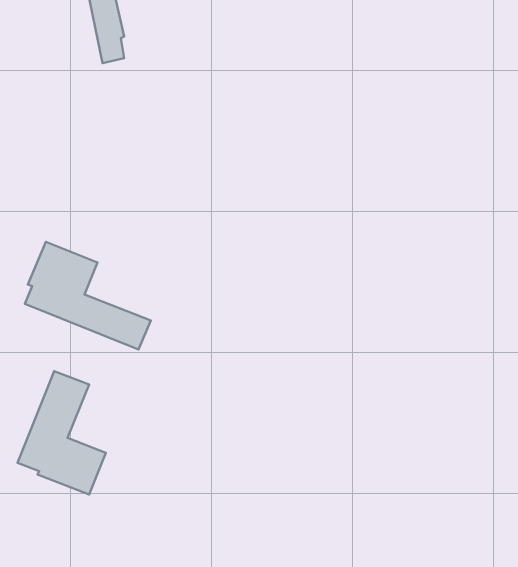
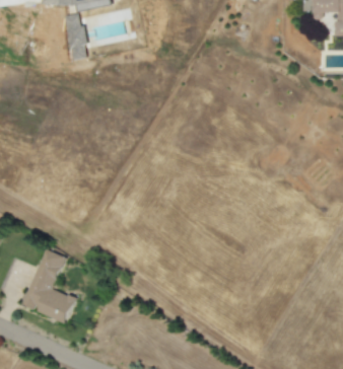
building: [25,242,151,349] -> none

